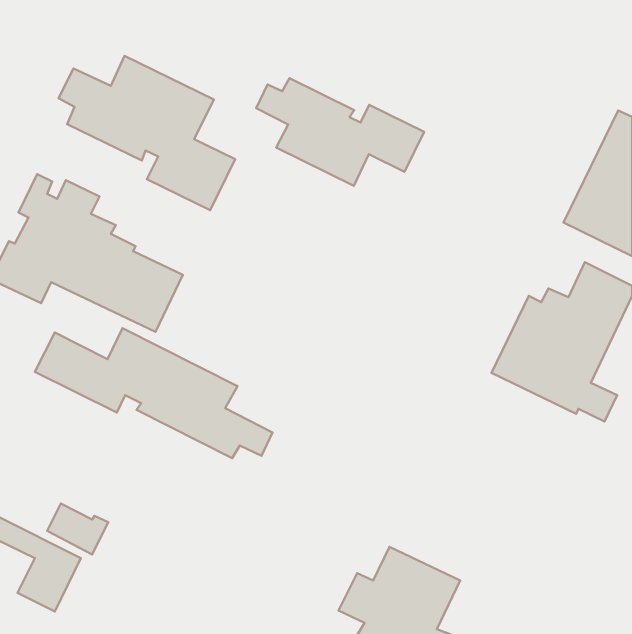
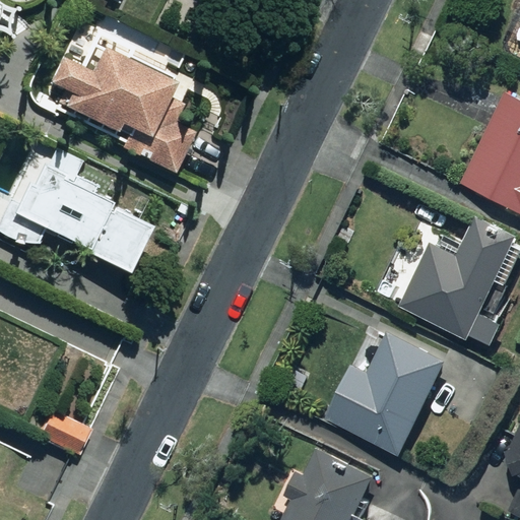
building: [256,78,424,186] -> none
building: [35,328,273,458] -> none
building: none -> [341,332,449,456]

